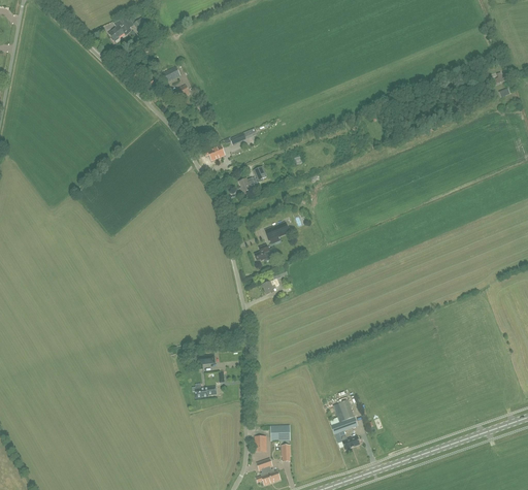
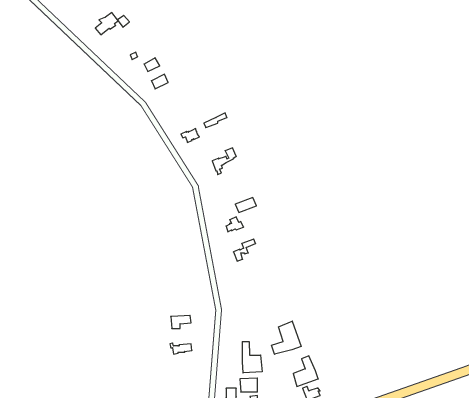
building: none -> [272,321,301,354]
building: none -> [242,342,262,373]

